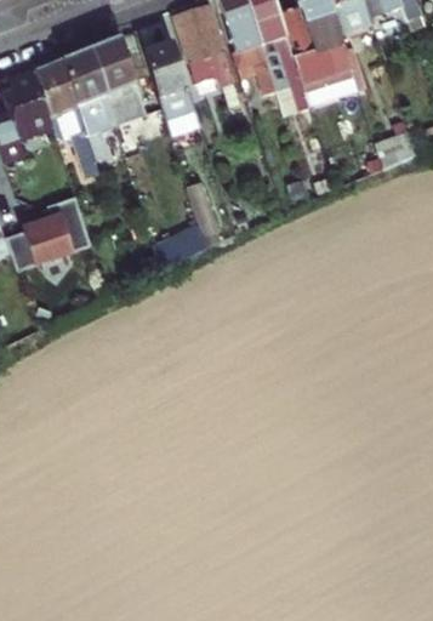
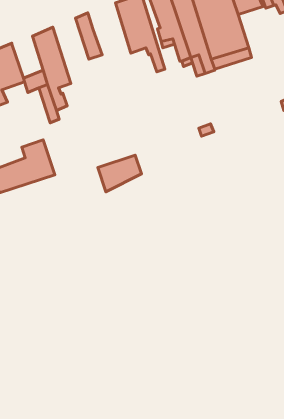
building: [89,35,144,124] -> none
building: [143,40,199,133] -> none
building: [33,59,75,116] -> none

